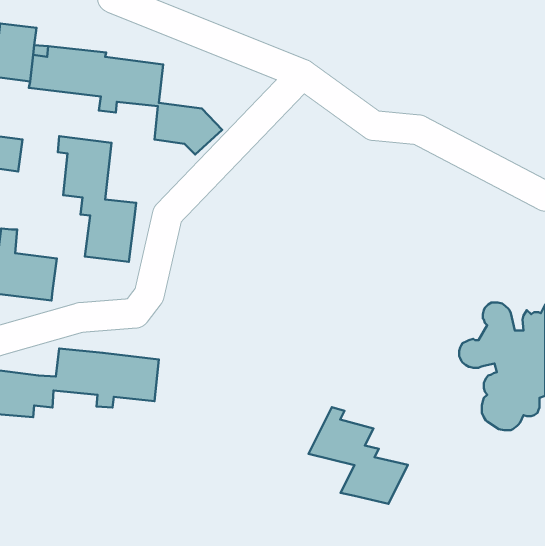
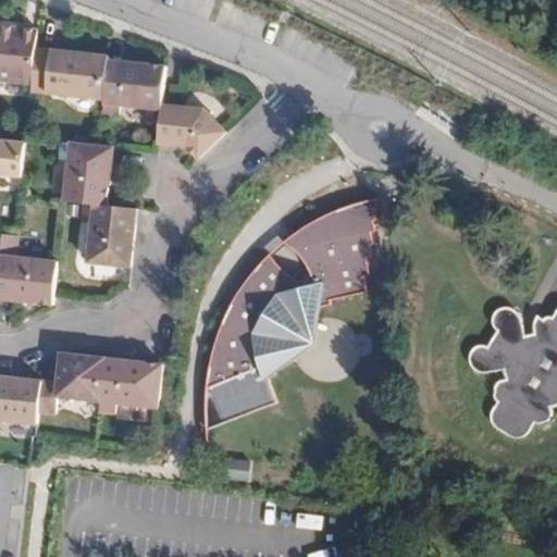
building: none -> [205,205,384,426]
building: [309,407,408,504] -> none

